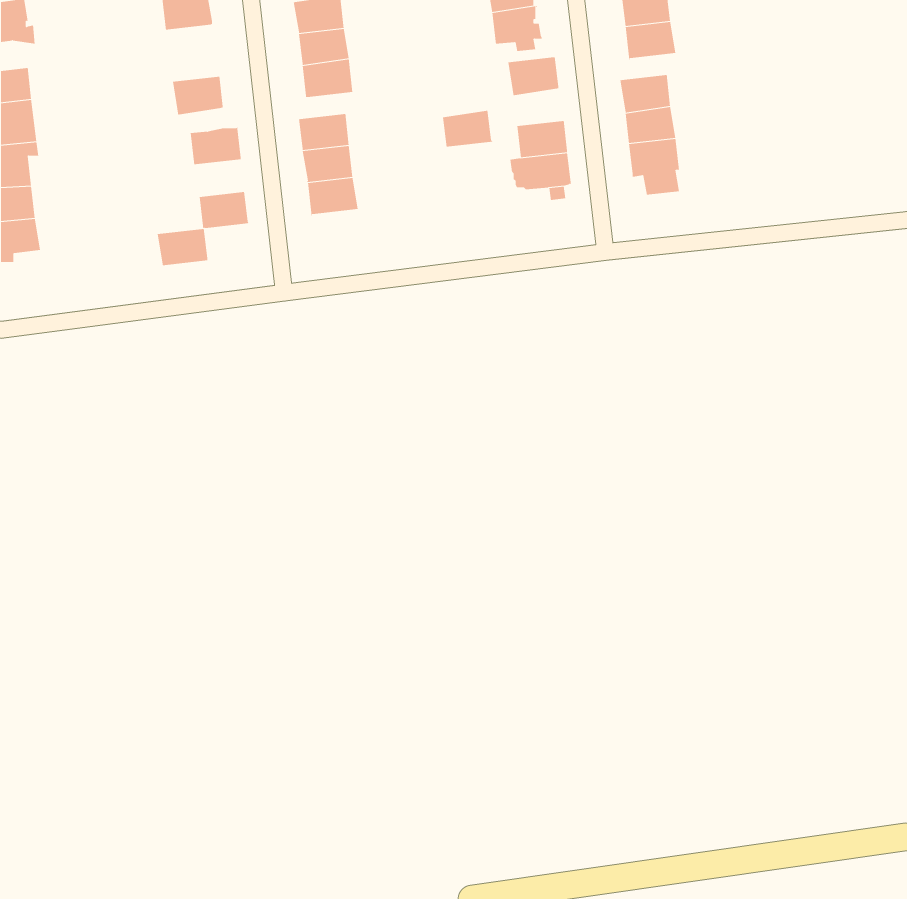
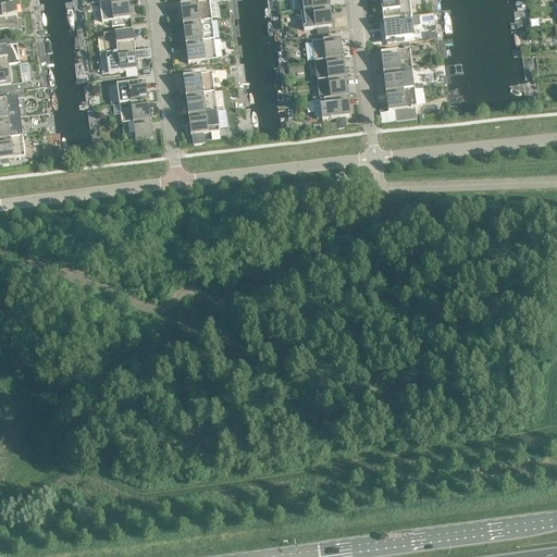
building: none -> [103,26,135,50]
building: [442,110,494,147] -> [314,54,346,77]
building: [157,228,208,266] -> [119,98,150,121]

